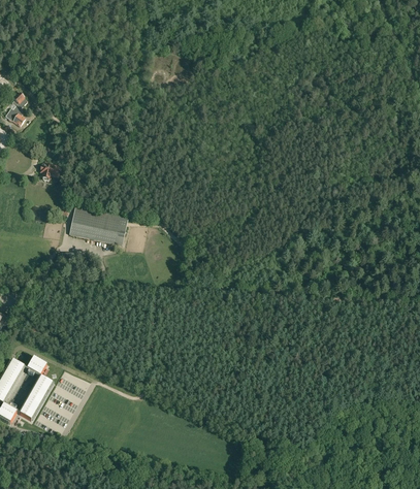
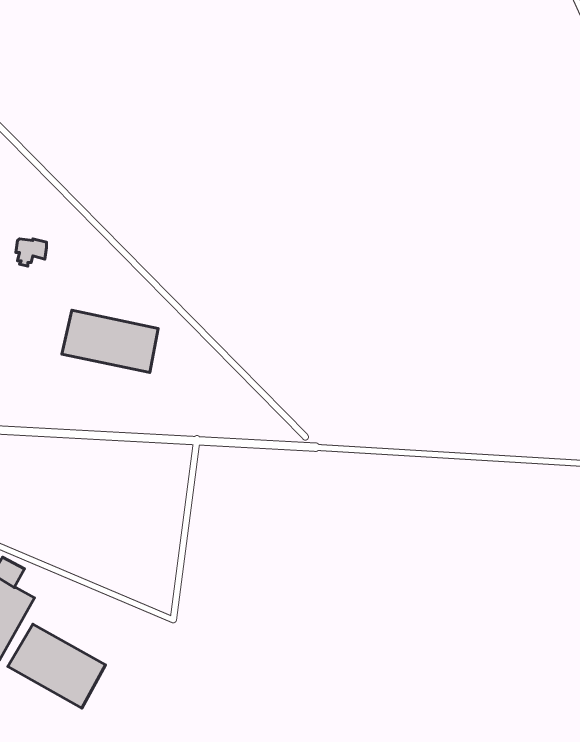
building: none -> [8,624,105,708]

